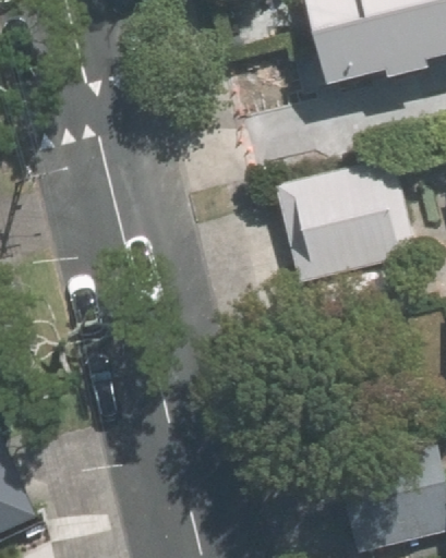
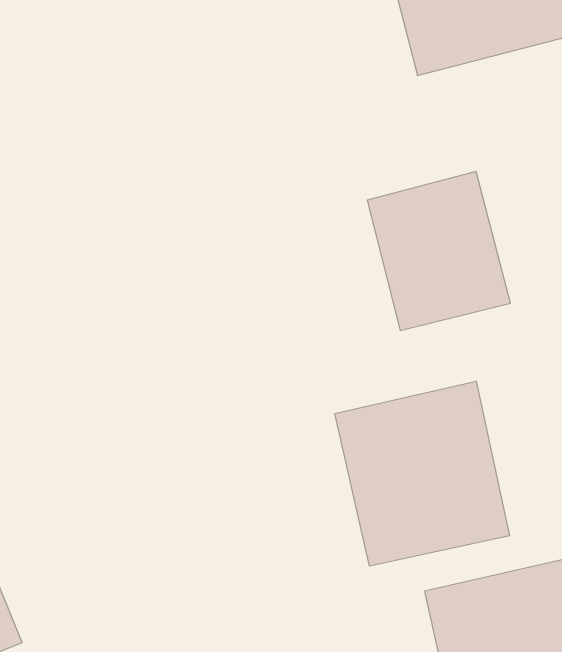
building: none -> [335,381,510,566]

